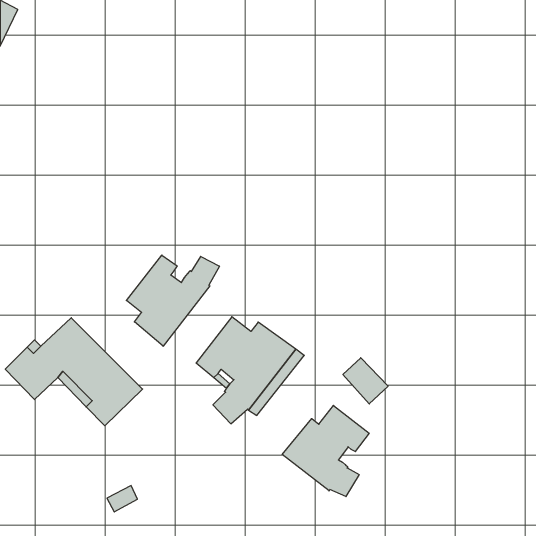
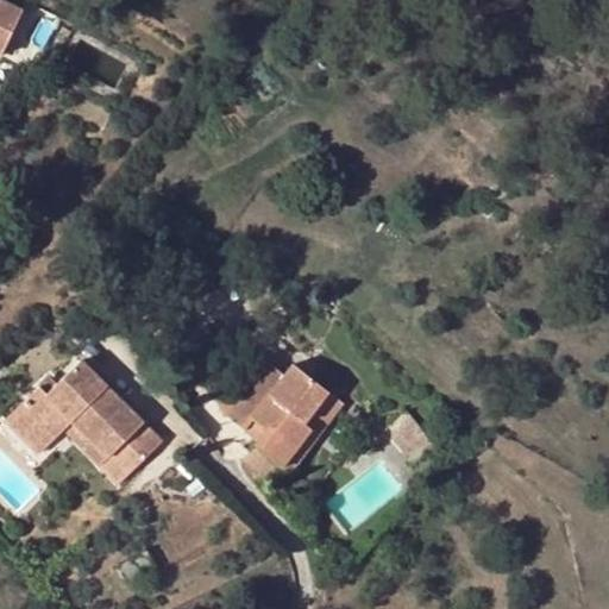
building: [126,255,219,346] -> none
building: [282,405,369,497] -> none

